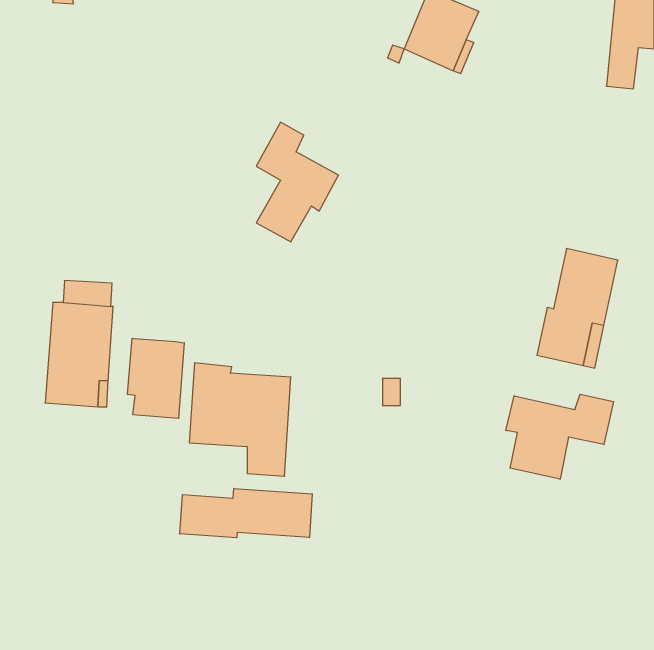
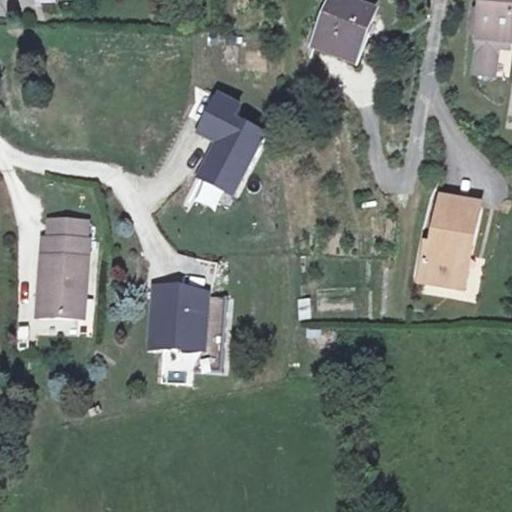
building: [127,338,184,418] -> none
building: [506,394,613,479] -> none
building: [180,488,312,538] -> none

